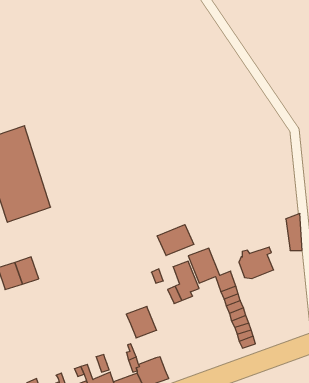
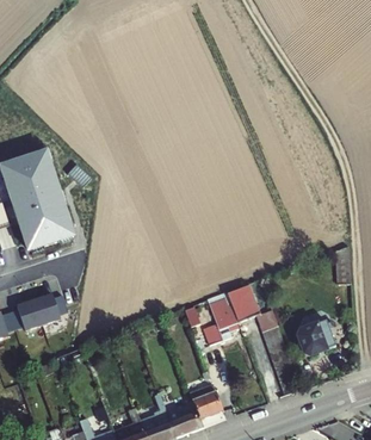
building: [157,225,194,256] -> none
building: [239,247,274,279] -> [299,318,338,353]
building: [126,306,157,338] -> [191,383,224,417]

